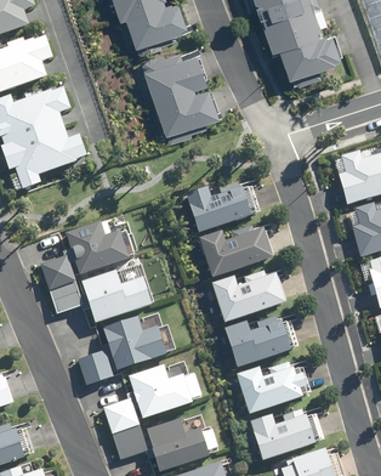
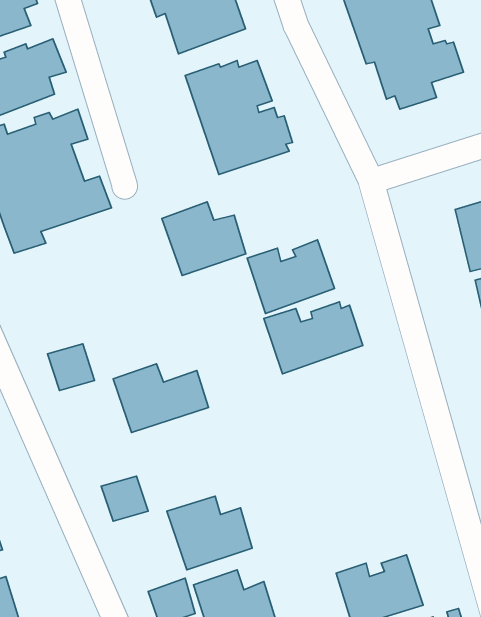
building: [64,221,125,274] -> [162,202,246,276]
building: [211,271,283,323] -> none
building: [50,282,83,313] -> none
building: [224,316,288,367] -> none
building: [102,317,164,370] -> none
building: [235,362,300,413] -> none
building: [106,397,141,435] -> none

